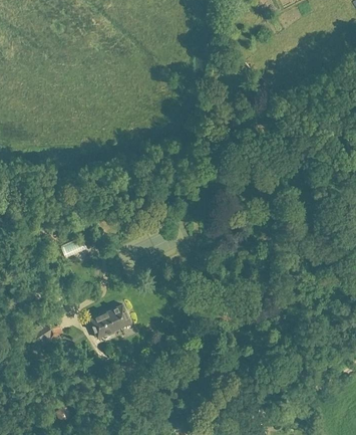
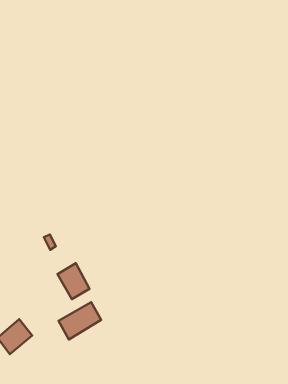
building: none -> [58,263,90,299]

